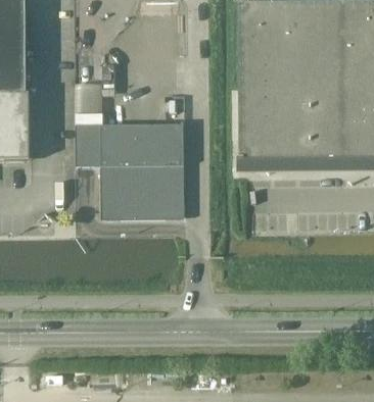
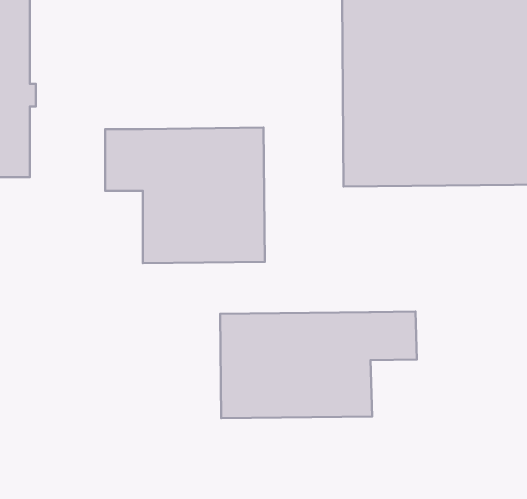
building: none -> [220,311,417,418]

